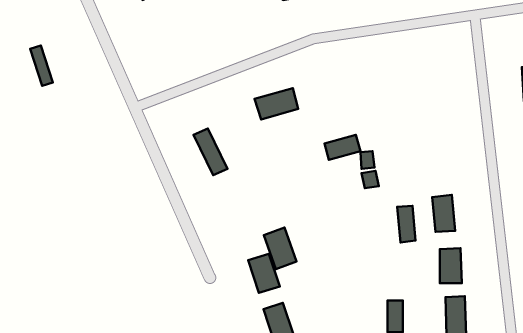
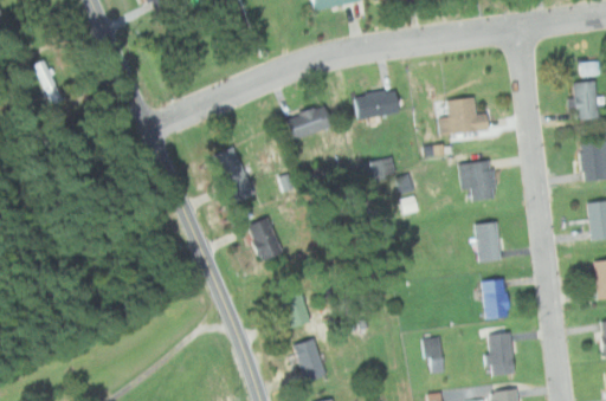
building: none -> [354,89,398,119]
building: none -> [440,97,488,135]
building: none -> [460,161,496,200]
building: [397,206,416,242] -> none
building: [264,228,296,269] -> [246,218,282,263]

